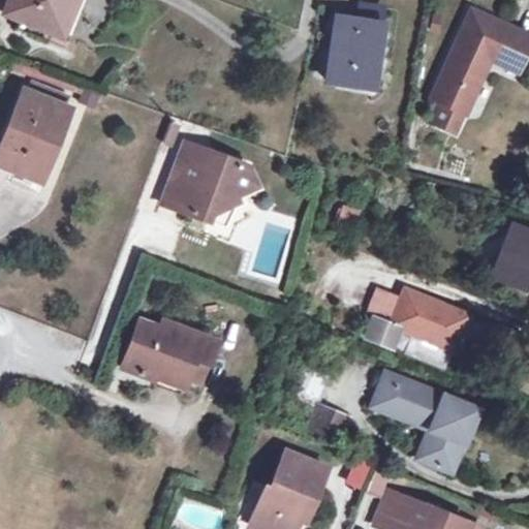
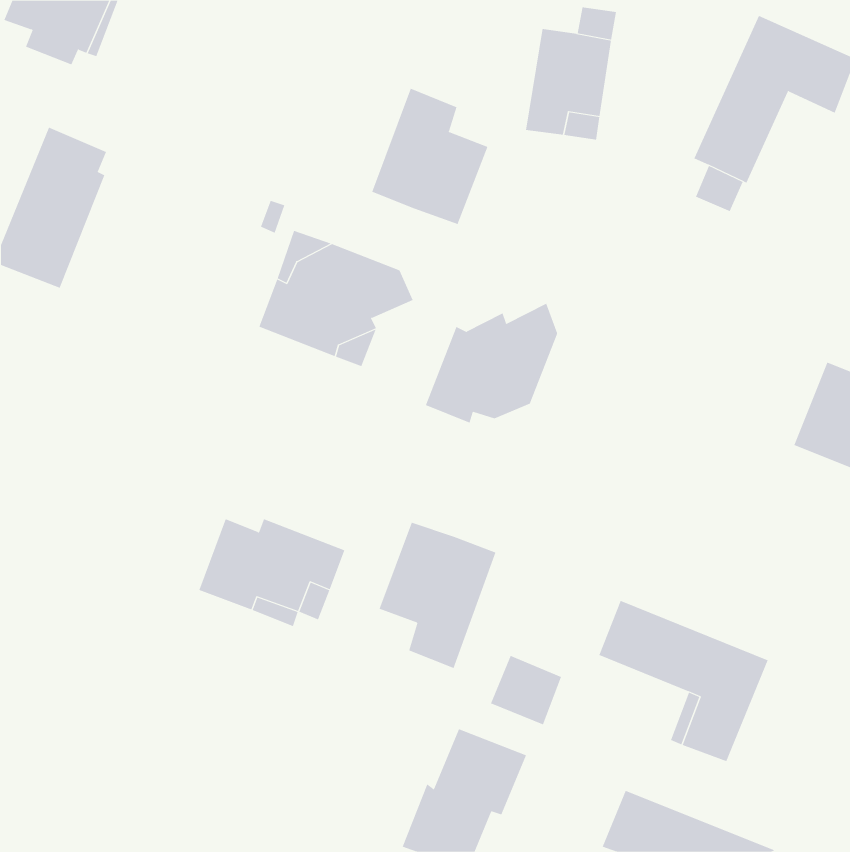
building: none -> [372,88,488,225]
building: none -> [425,303,558,424]
building: [365,286,467,349] -> none
building: none -> [379,522,496,669]

